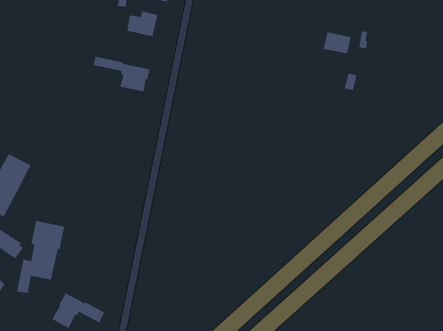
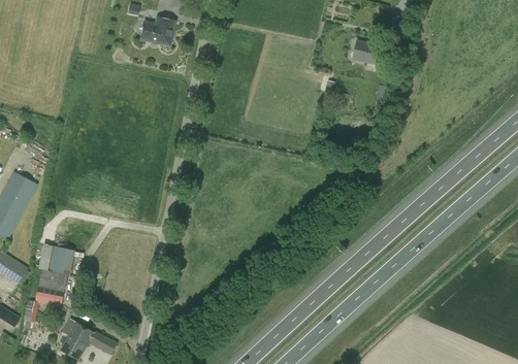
building: [93,56,150,92] -> none

